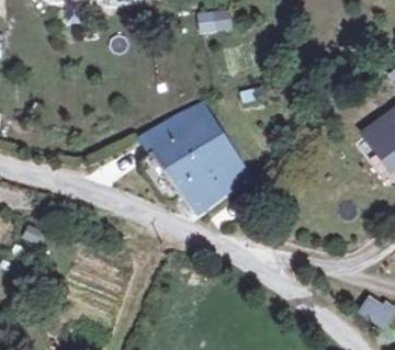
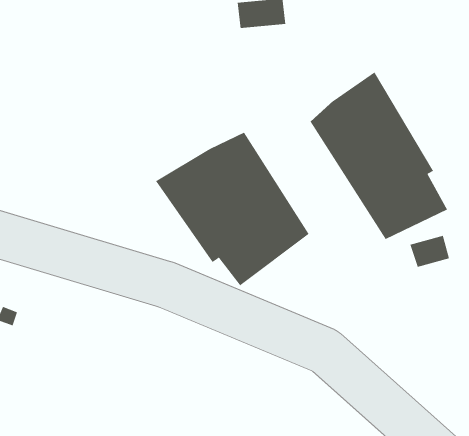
building: none -> [310,72,448,240]

